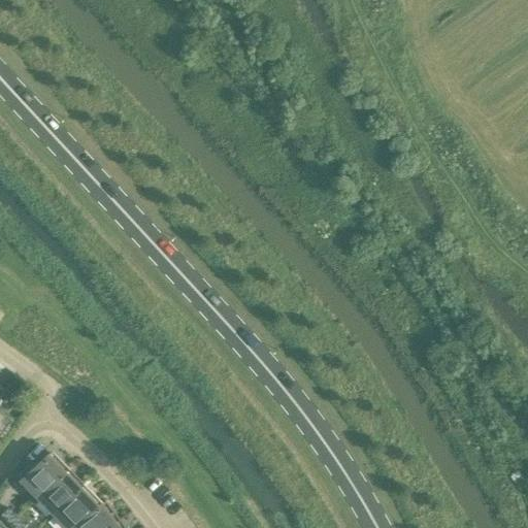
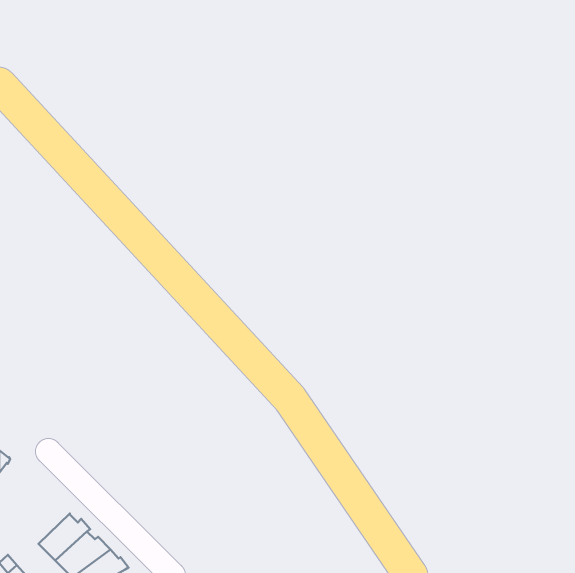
building: [16,456,67,500] -> none

